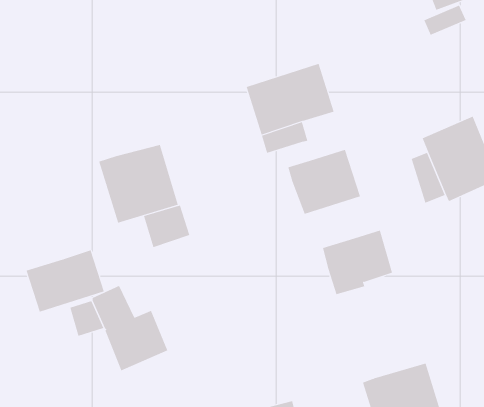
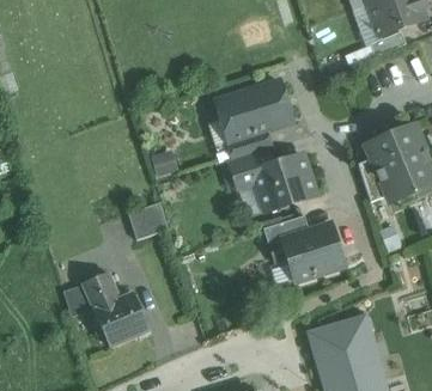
building: none -> [229,149,270,189]
building: [99,144,179,223] -> none
building: none -> [262,216,309,263]
building: [26,250,105,313] -> none
building: none -> [317,312,371,353]

